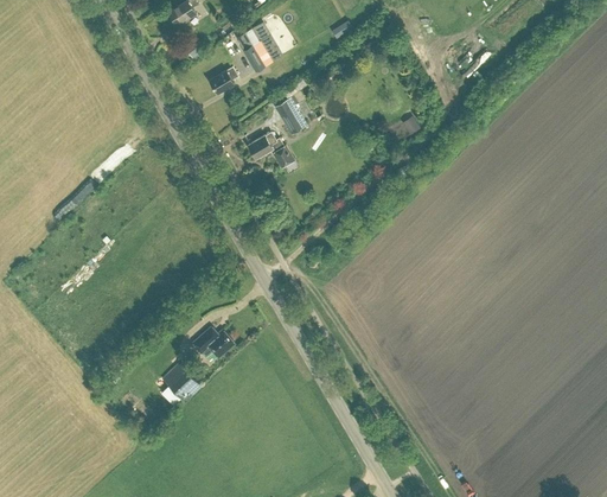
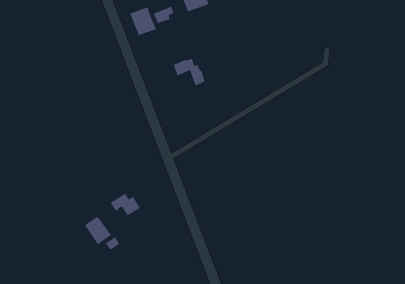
building: none -> [130,7,157,36]
building: [274,94,306,134] -> none

